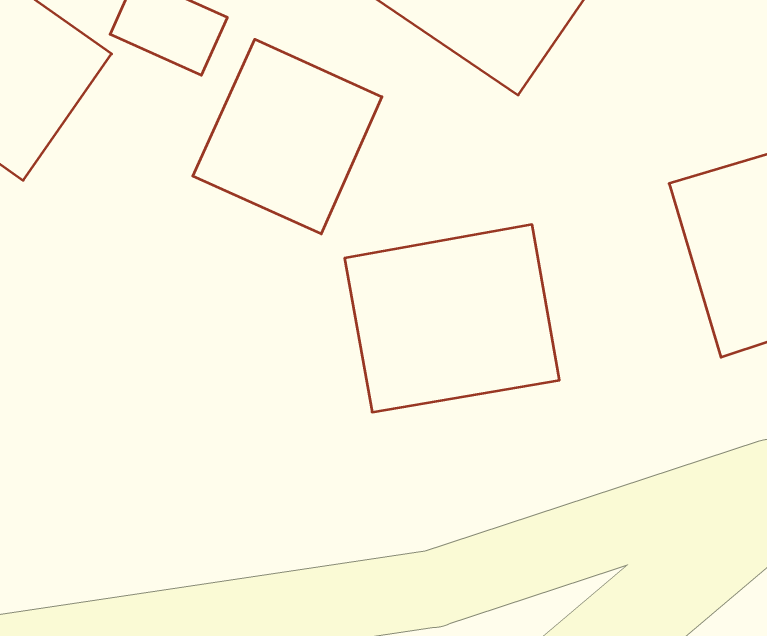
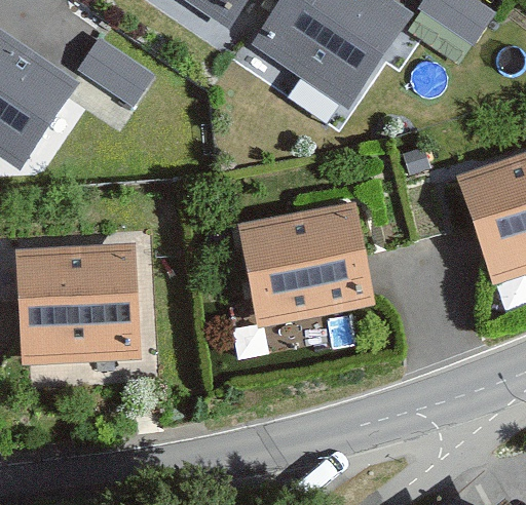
building: [193,39,382,234] -> none
building: none -> [14,246,140,365]

